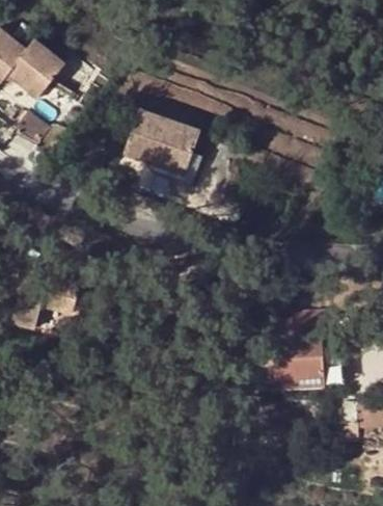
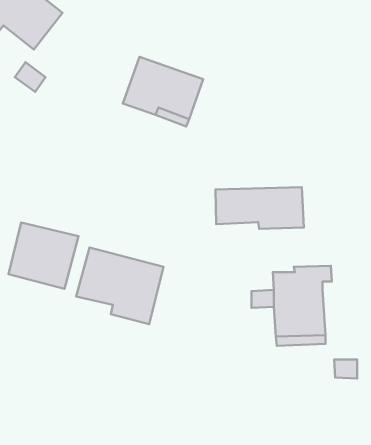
building: none -> [216,187,304,229]
building: none -> [76,247,164,324]

